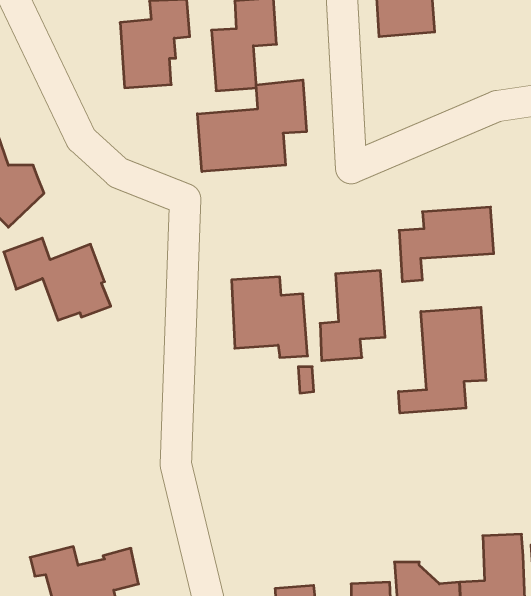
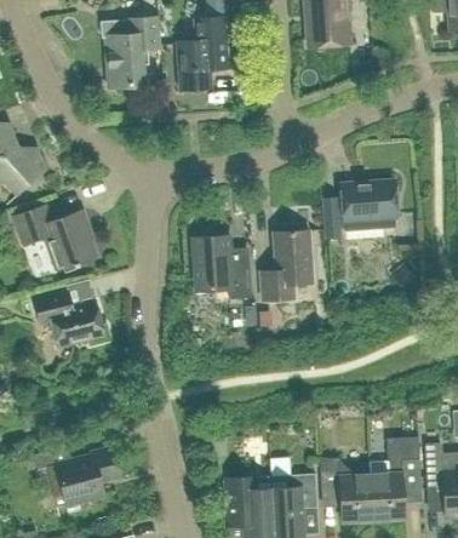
building: [197,80,306,172] -> none
building: [399,307,486,413] -> none
building: none -> [34,290,105,348]

